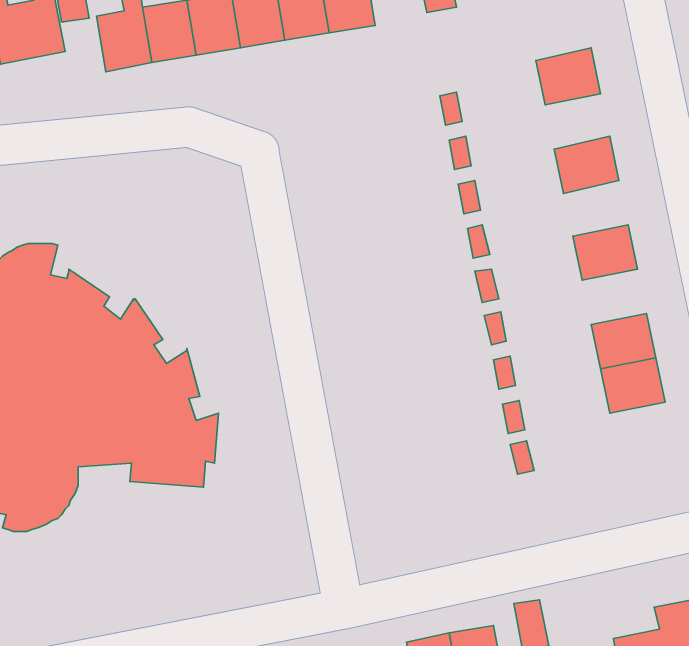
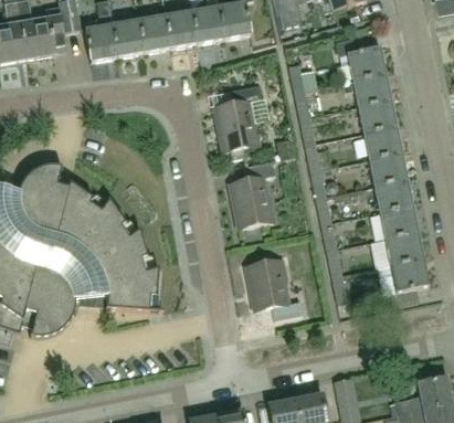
building: none -> [342,74,391,107]
building: none -> [215,84,260,157]
building: none -> [363,126,402,159]
building: none -> [231,159,275,226]
building: none -> [374,179,413,212]
building: none -> [247,257,303,318]
building: none -> [379,258,430,292]

